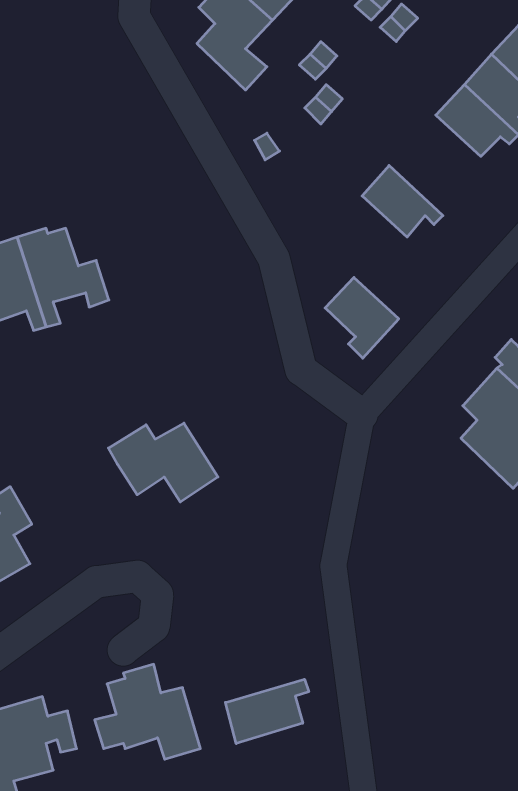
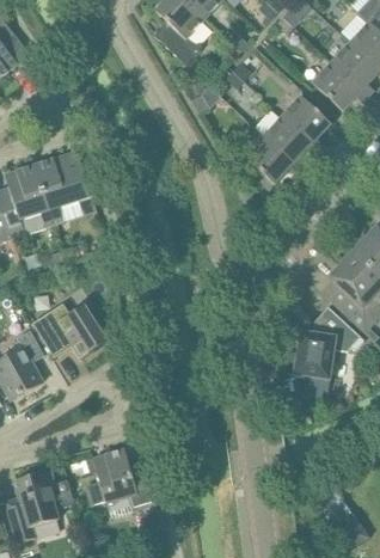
building: none -> [282,94,331,148]
building: [325,277,399,358] -> [245,135,294,189]
building: [108,423,218,502] -> [33,305,106,357]
building: none -> [284,305,361,397]
building: [225,679,309,744] -> none

